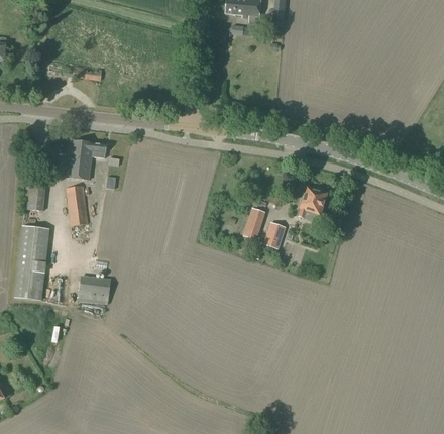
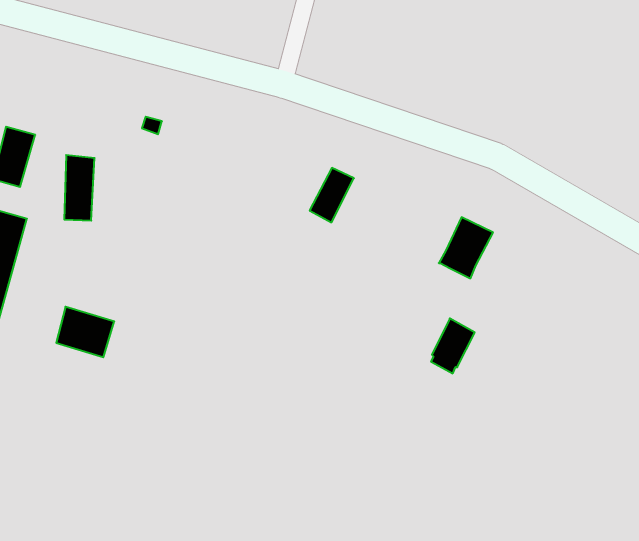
building: [67,139,107,180] -> none
building: [243,207,266,239] -> [310,168,354,222]
building: [263,220,287,252] -> [431,318,475,373]

